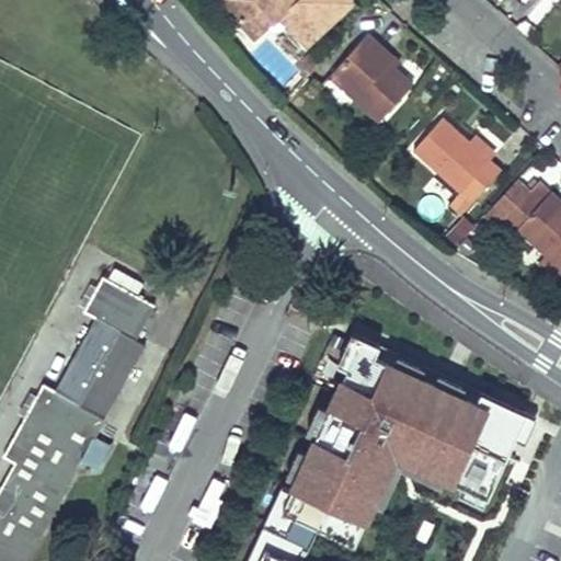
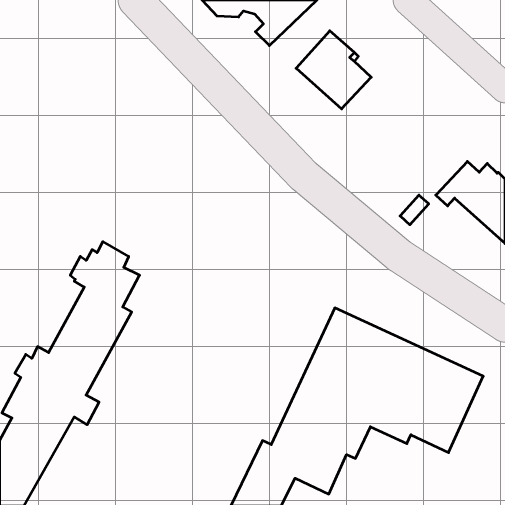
building: [412,117,502,217] -> none

